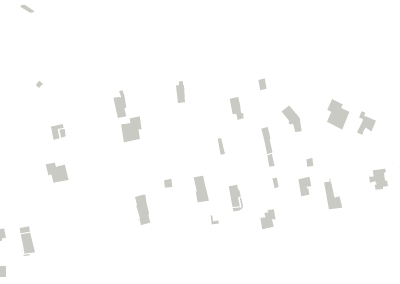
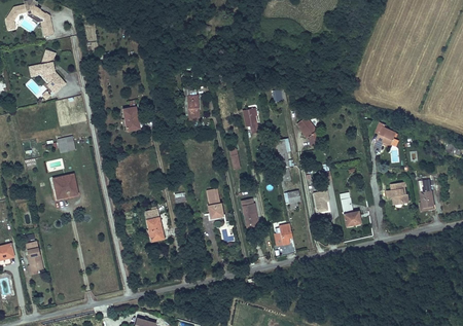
building: none -> [28,49,67,94]
building: [326,98,350,130] -> none
building: [121,115,142,143] -> none

